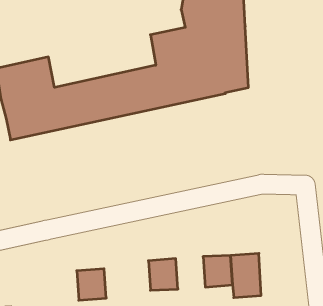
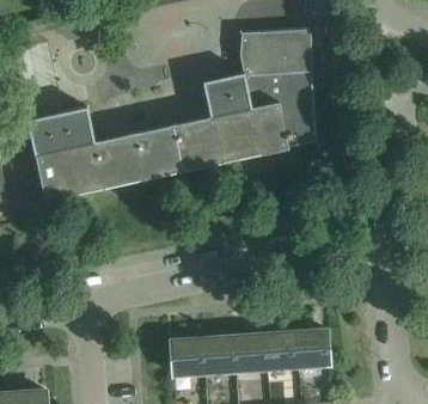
building: none -> [232,333,265,371]
building: [77,269,106,300] -> [170,338,203,374]

